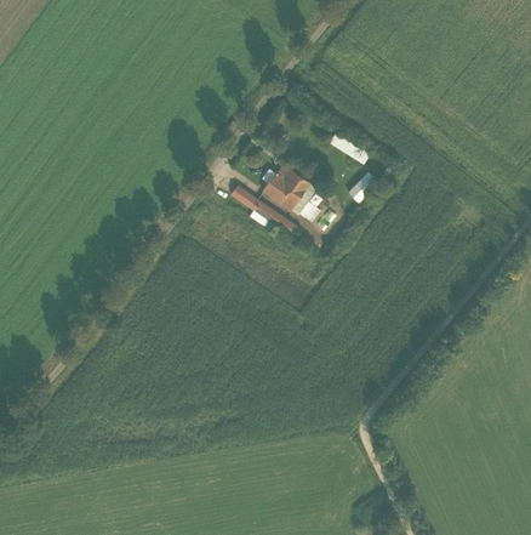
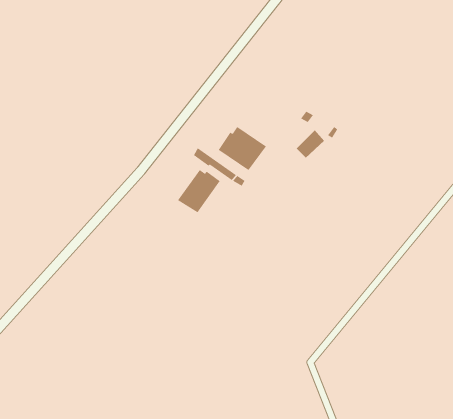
building: none -> [177,169,221,213]

